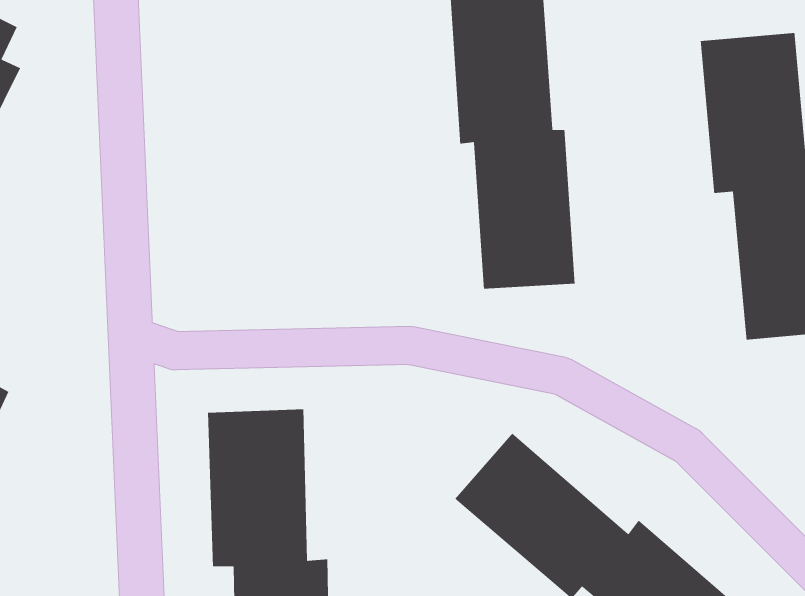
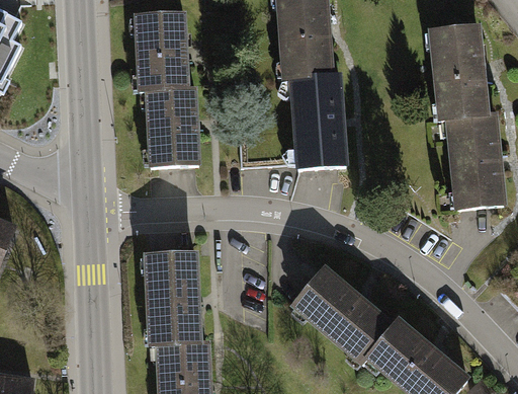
building: none -> [135,19,200,176]

